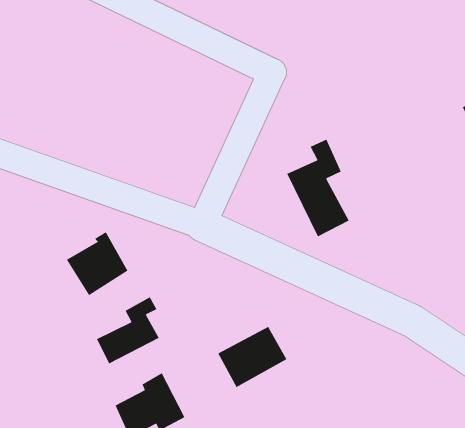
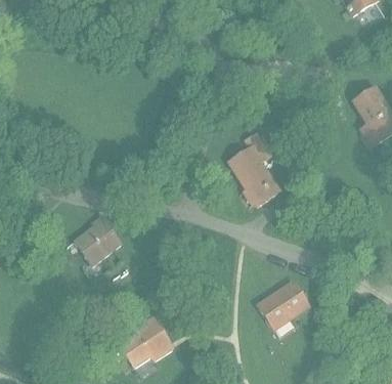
building: [96,296,160,365] -> none
building: [217,326,287,388] -> [258,283,310,331]

